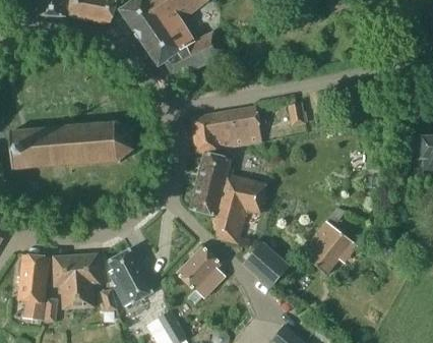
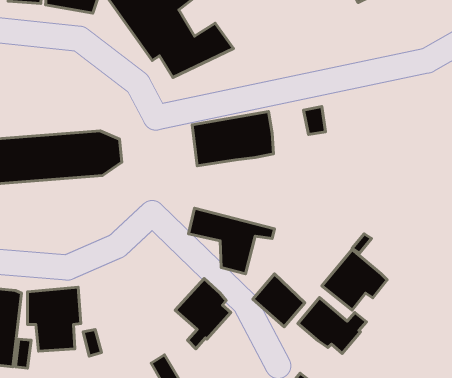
building: [195,152,267,205] -> none
building: [109,249,152,305] -> none
building: none -> [298,297,367,353]

